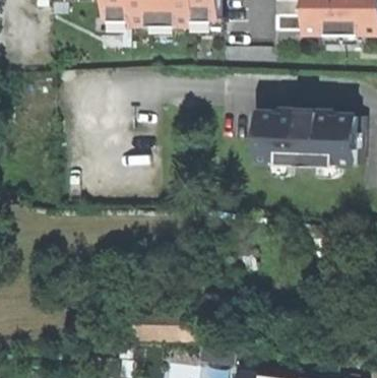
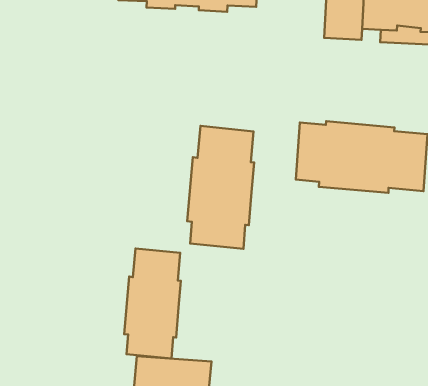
building: none -> [187,126,254,249]
building: none -> [124,248,181,359]

